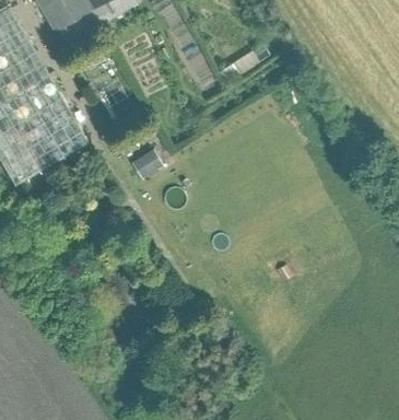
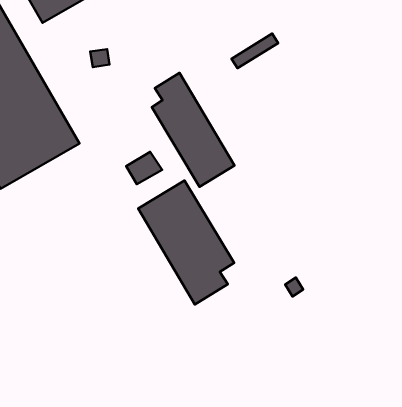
building: none -> [152,73,235,187]
building: none -> [138,180,234,304]

